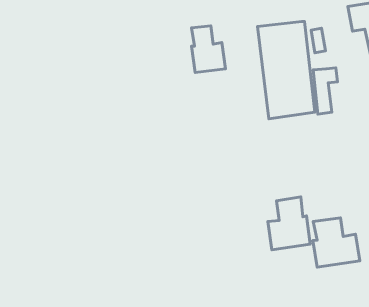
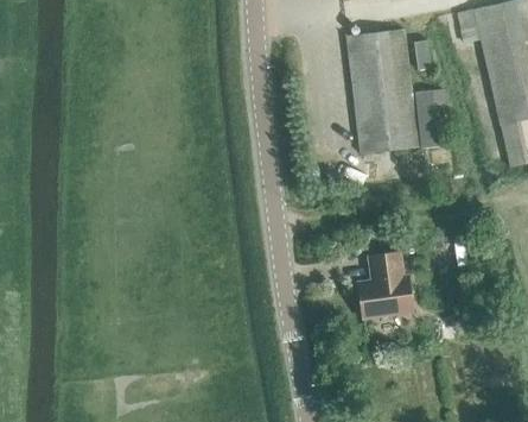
building: [192,26,225,73] -> none
building: [313,218,360,267] -> none

